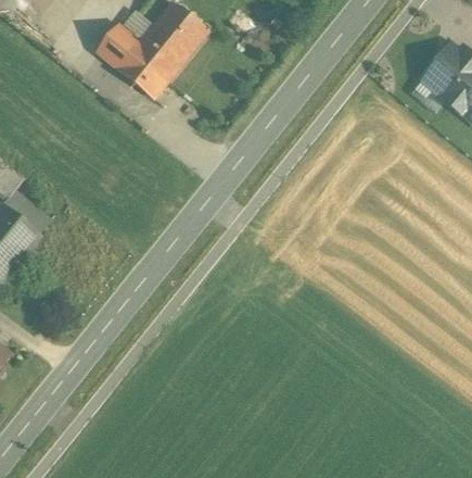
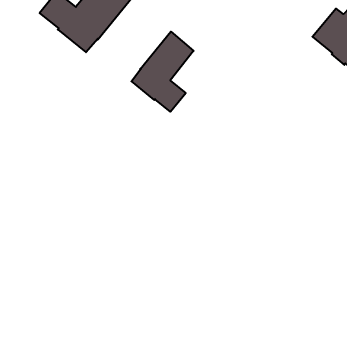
building: none -> [131,32,194,112]

